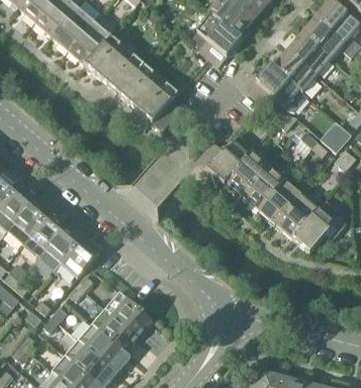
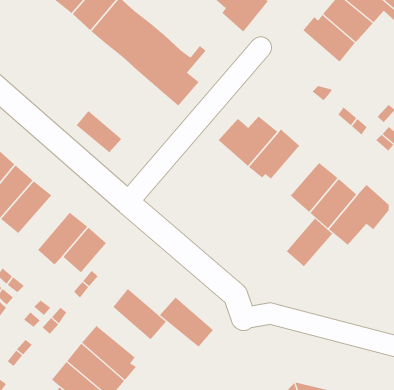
building: [248,66,307,112] -> none
building: none -> [76,110,122,153]
building: [243,167,284,210] -> [286,217,333,267]
building: [22,210,67,258] -> none
building: [90,307,138,352] -> [159,297,214,348]

